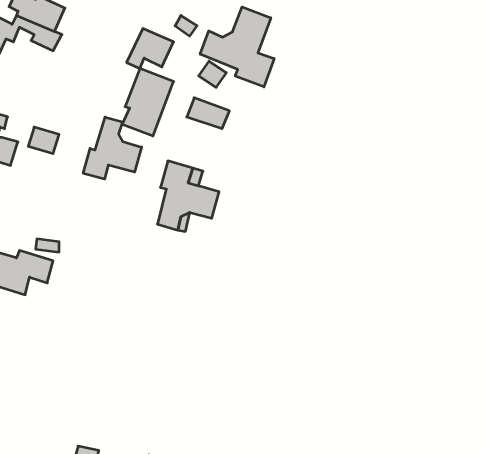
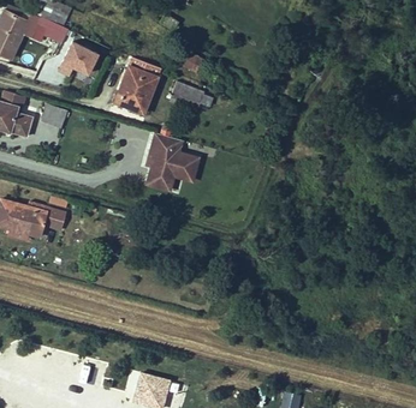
building: [200,7,274,87] -> none
building: [127,29,174,68] -> [59,42,97,74]
building: [83,117,142,179] -> none

